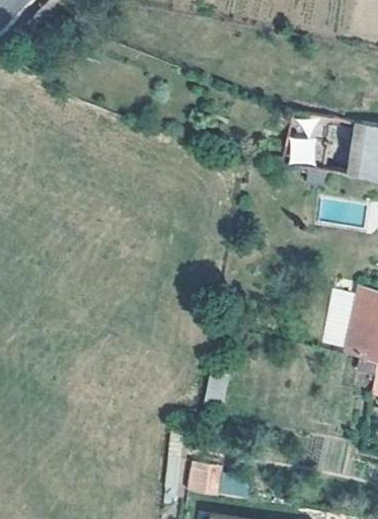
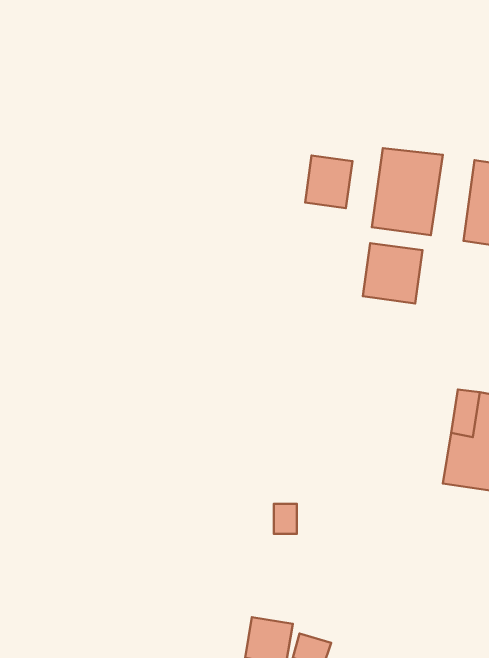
building: none -> [305,156,352,208]
building: none -> [363,243,423,303]

